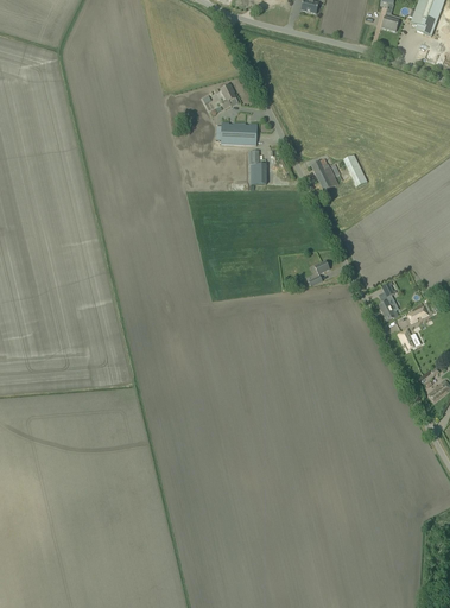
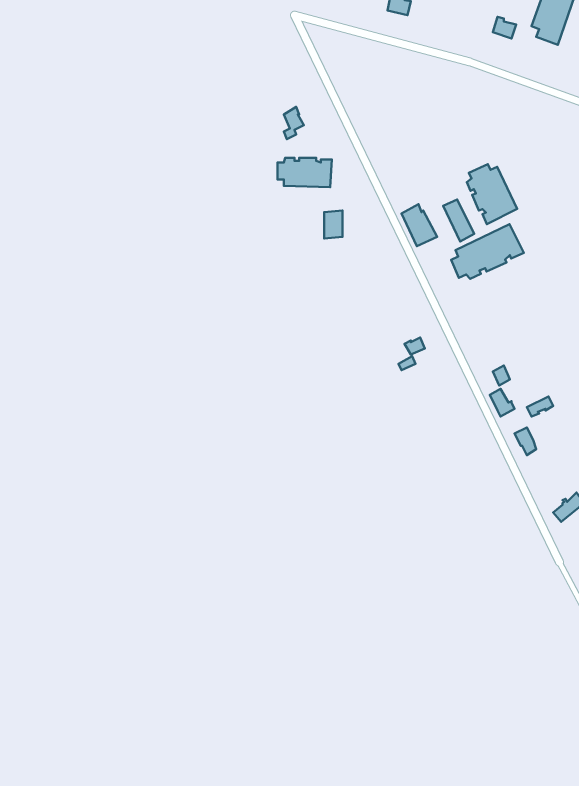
building: none -> [467,164,517,224]
building: none -> [451,224,524,279]

